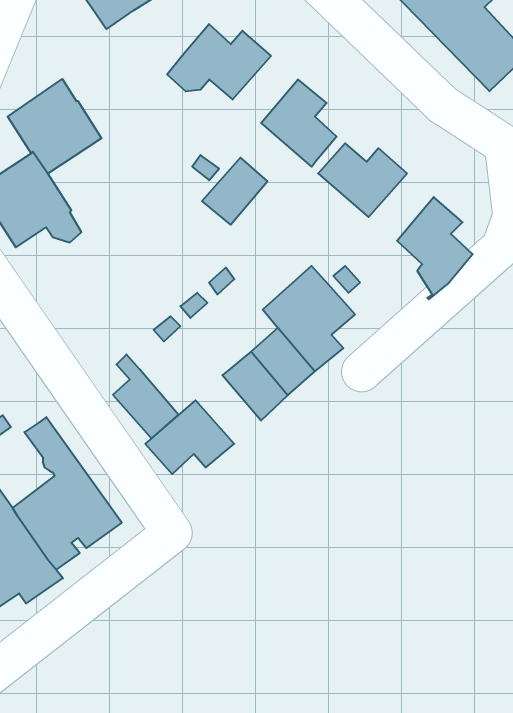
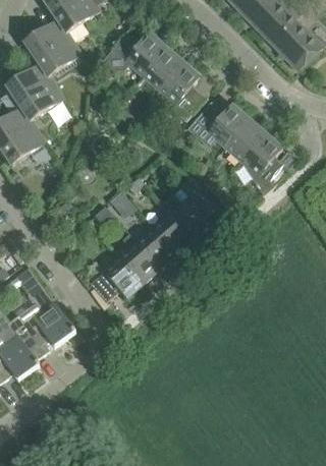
building: none -> [24,19,82,76]
building: [202,158,267,225] -> [143,49,182,90]
building: none -> [225,120,265,161]
building: [113,354,178,438] -> [120,233,160,284]

